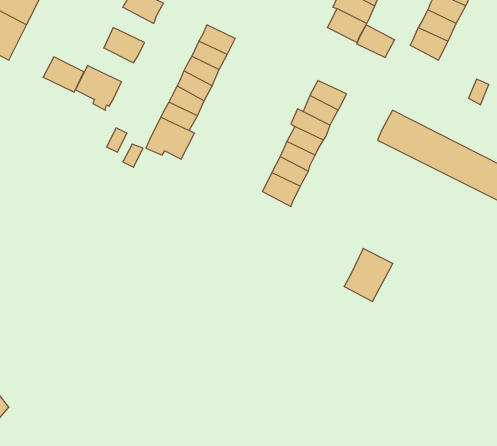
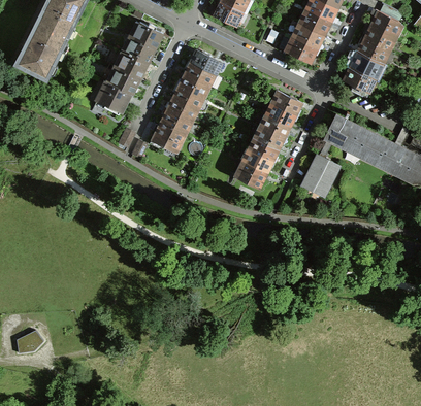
building: none -> [124,37,155,64]
building: [357,25,395,57] -> [343,66,371,91]
building: [43,57,84,92] -> [108,68,139,95]
building: [344,248,393,301] -> [301,156,338,196]

